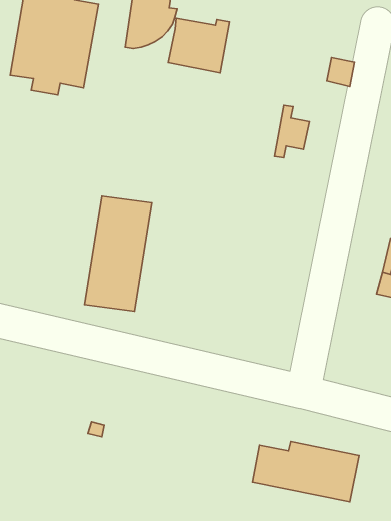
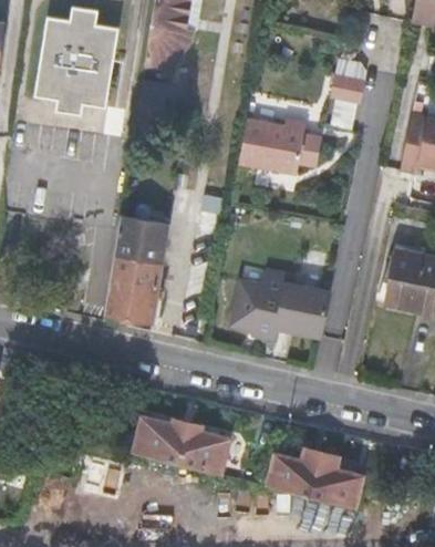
building: [168,18,230,73] -> [236,122,294,174]
building: none -> [229,272,327,340]
building: none -> [130,407,235,474]

